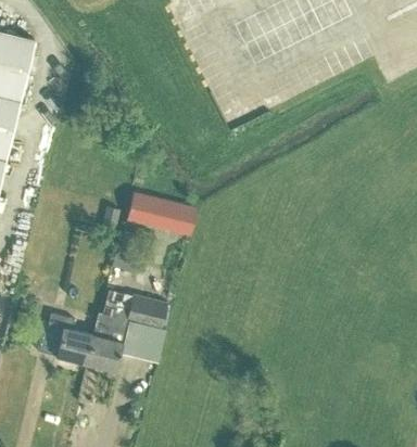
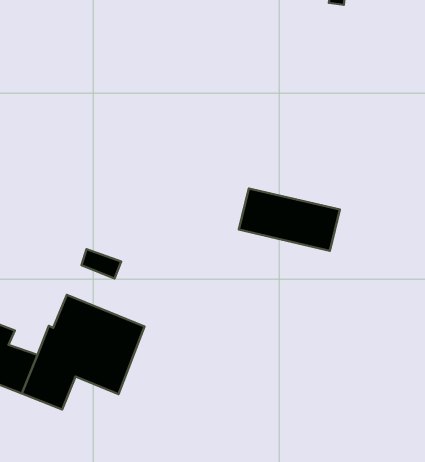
building: [134,196,204,233] -> [239,188,340,251]

